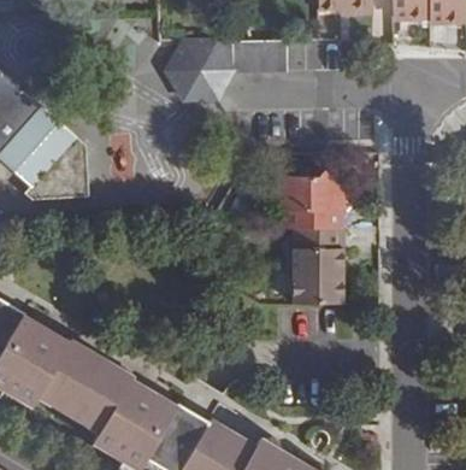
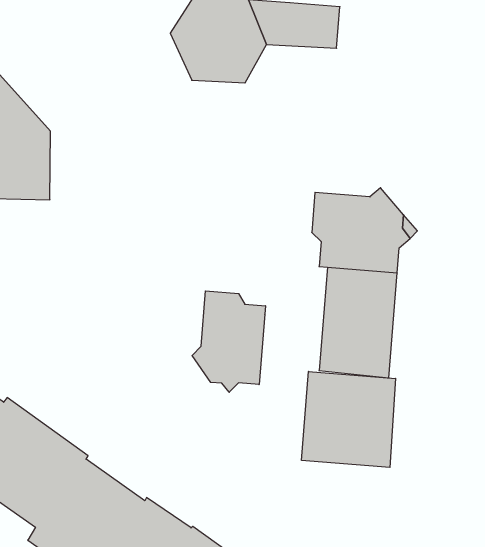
building: none -> [192,291,265,392]
building: none -> [302,371,396,467]

